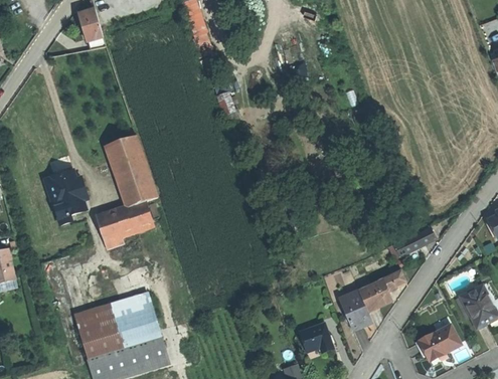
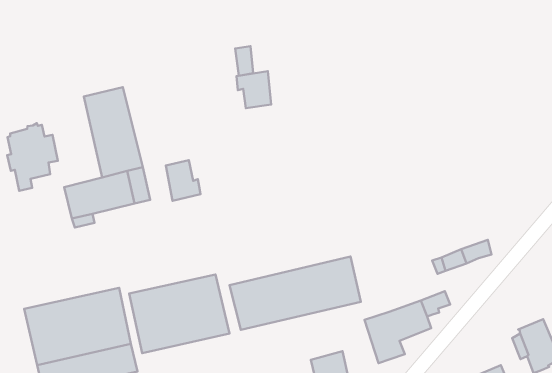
building: none -> [237,71,271,108]
building: none -> [166,160,201,201]
building: none -> [229,256,361,330]
building: none -> [129,275,229,353]

